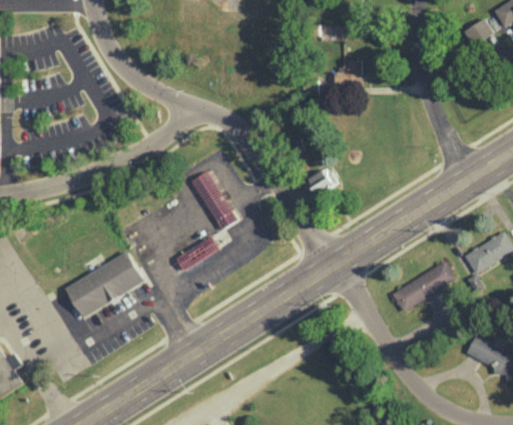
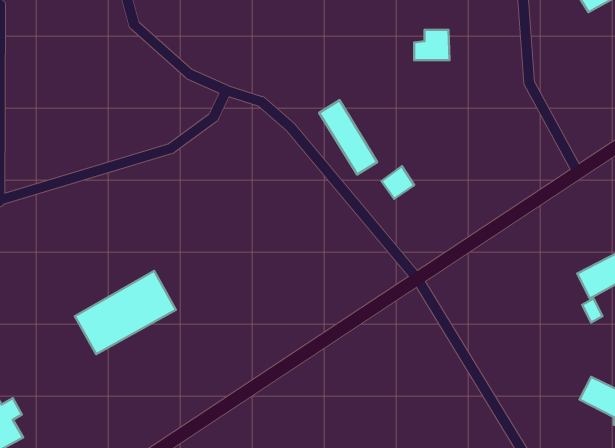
building: [192,171,238,231] -> [319,100,377,175]
building: [176,237,219,272] -> none
building: [391,262,457,312] -> none

